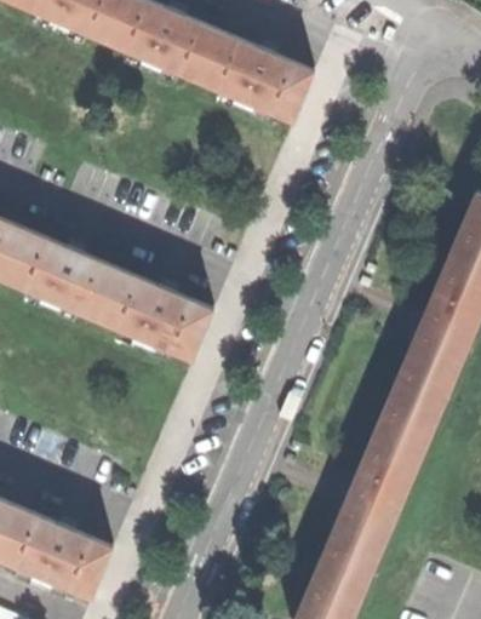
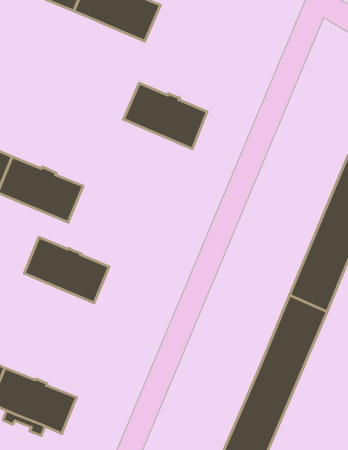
building: [193,30,303,116] -> [123,83,207,149]
building: [92,268,204,354] -> [24,237,109,303]

